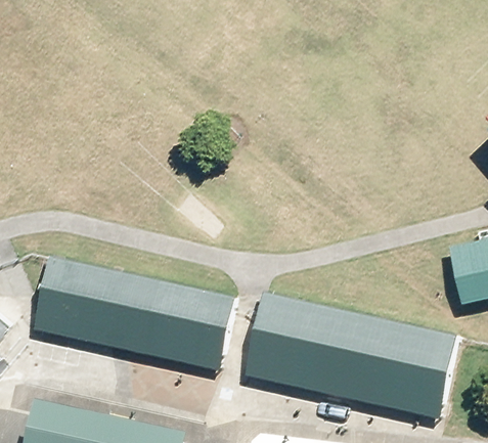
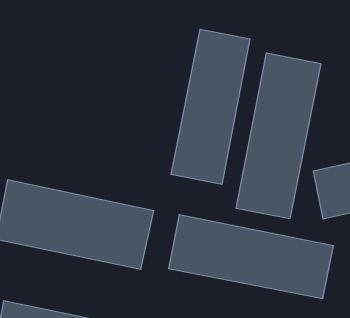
building: none -> [171,29,250,185]
building: none -> [236,53,321,219]

